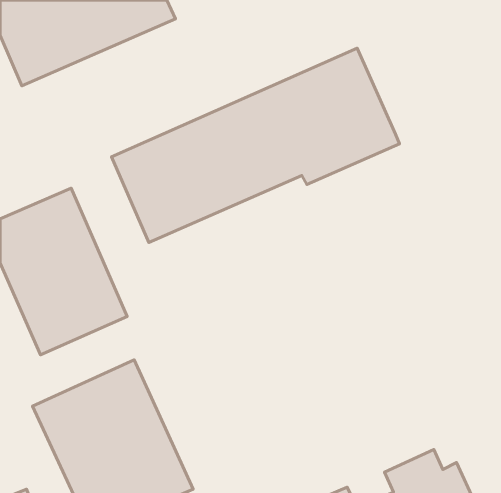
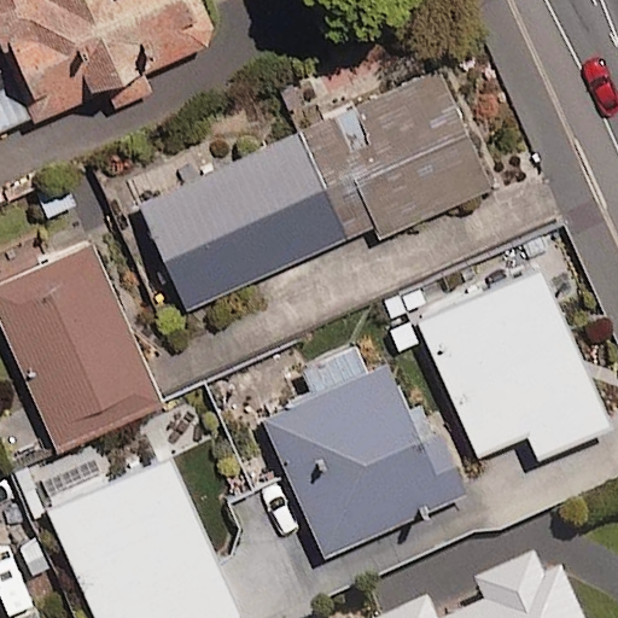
building: none -> [415,264,610,457]
building: none -> [261,362,466,556]

